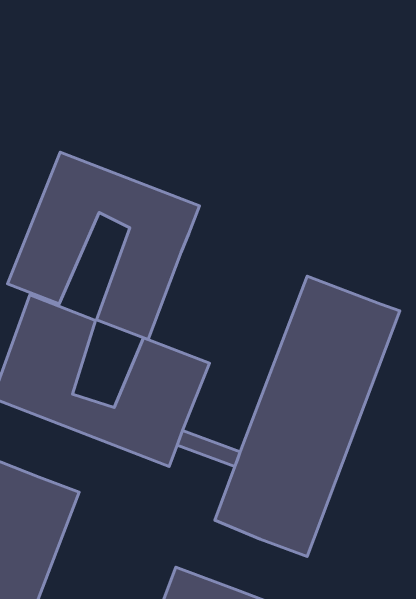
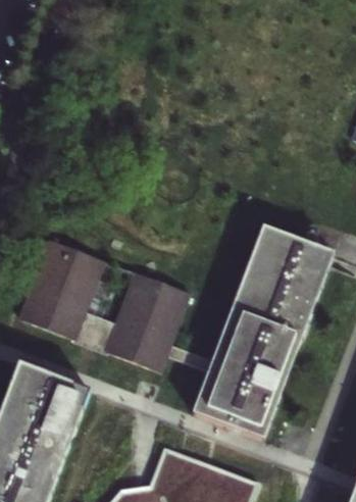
building: [8,152,200,340] -> none

